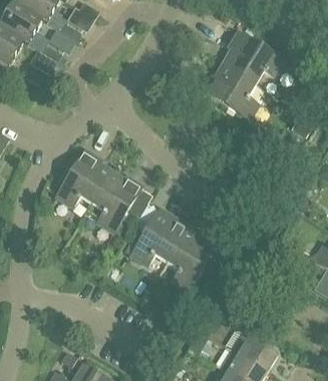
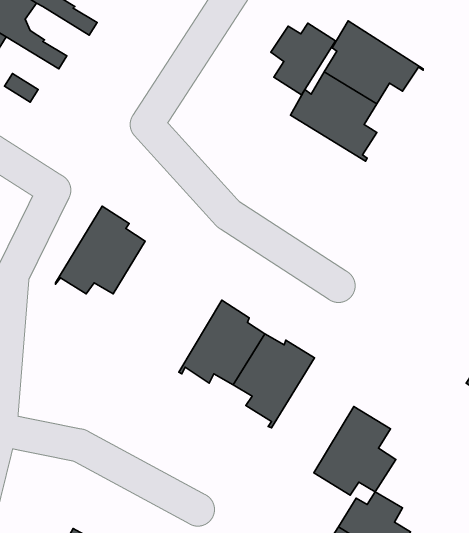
building: none -> [271,23,336,95]
building: [91,170,152,233] -> none
building: none -> [314,406,396,495]

